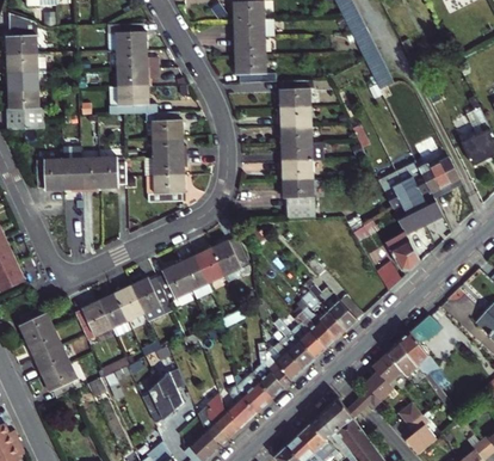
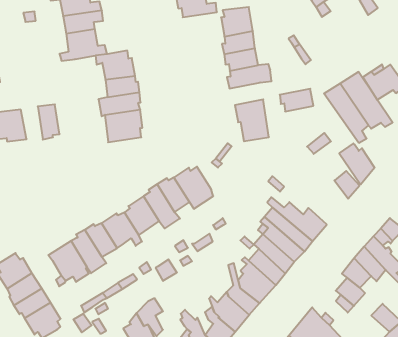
building: [98,156,126,189] -> none
building: [62,158,81,192] -> none
building: [279,160,313,180] -> [280,89,313,111]

